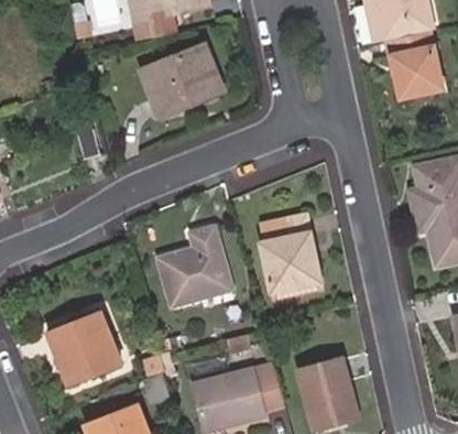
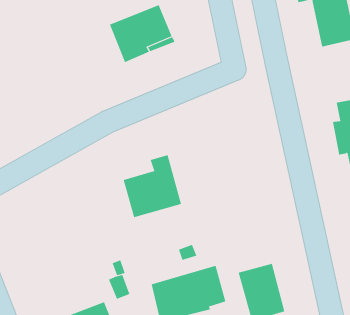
building: [260,216,318,301] -> none
building: [46,313,120,384] -> none

